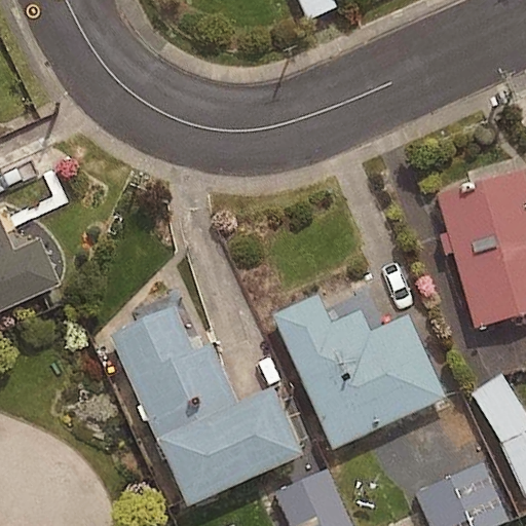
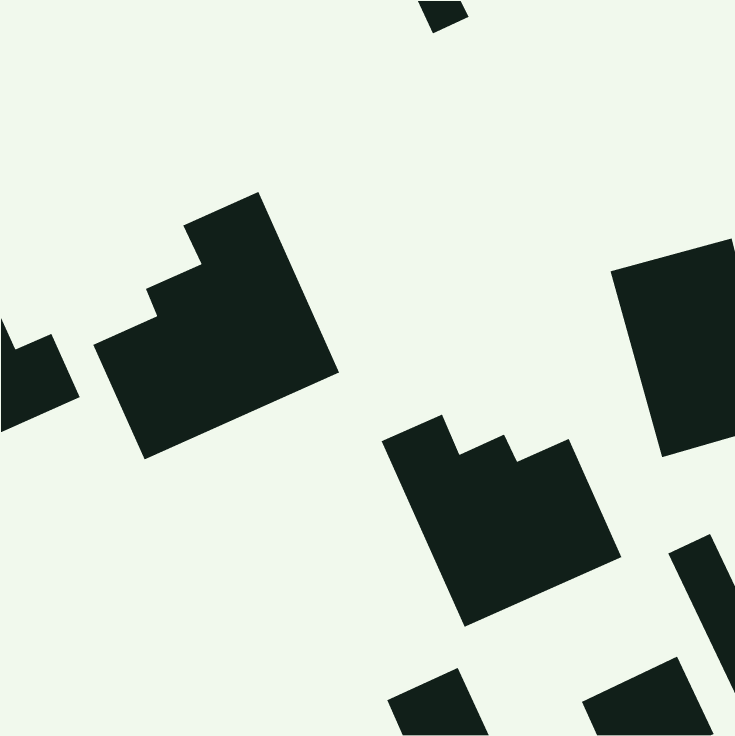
building: none -> [92,191,340,461]
building: [111,307,299,503] -> none

